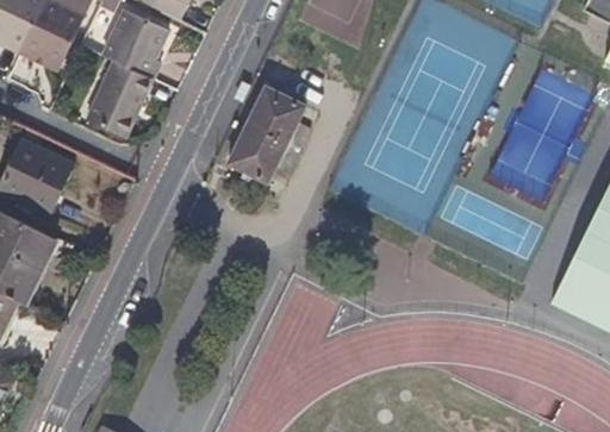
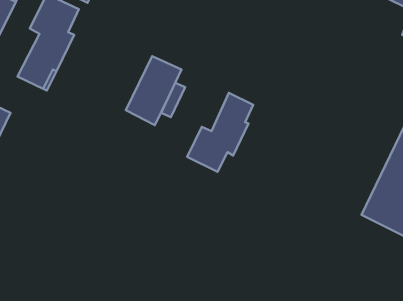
building: none -> [187,93,253,172]

